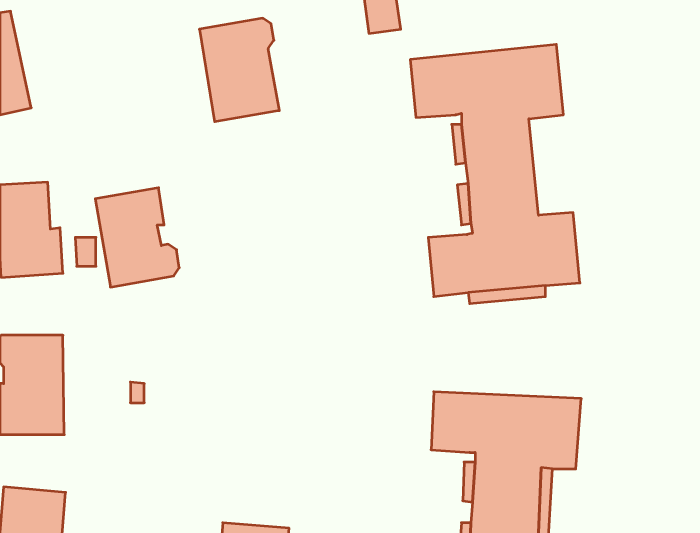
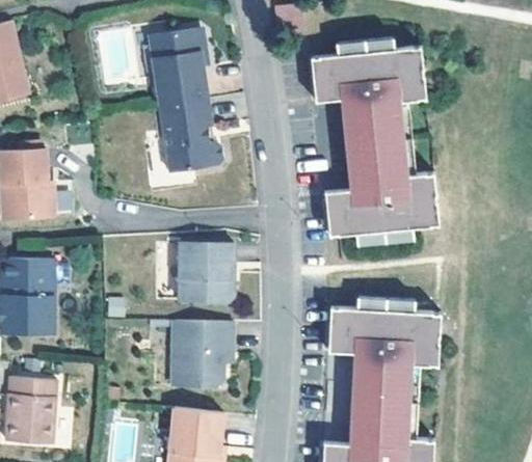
building: [95,188,179,287] -> [164,96,228,170]
building: none -> [178,241,233,299]
building: none -> [170,319,232,384]

